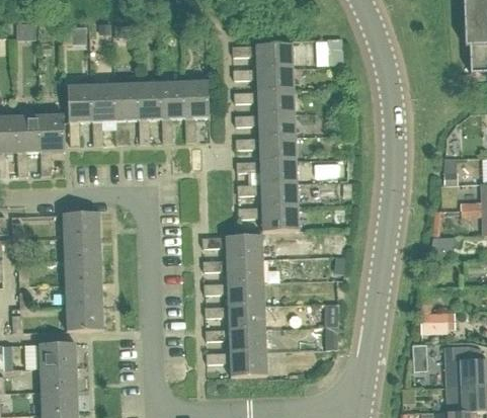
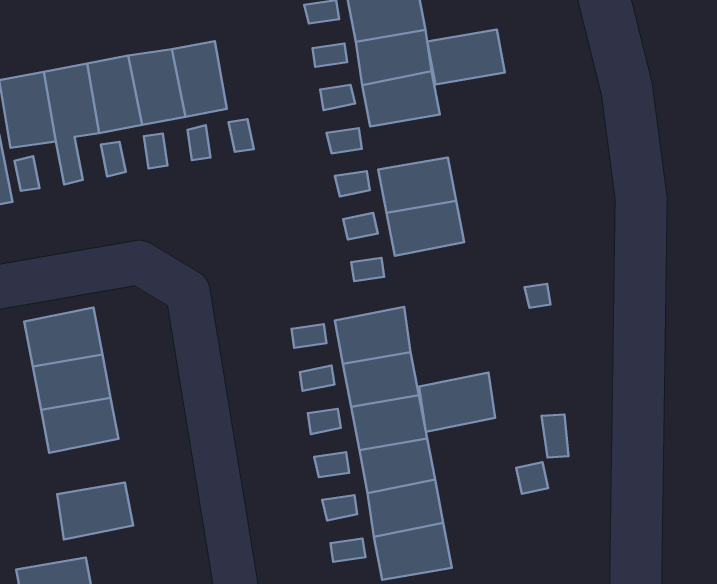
building: [183,79,209,116] -> none
building: [258,136,297,160] -> [427,29,505,85]
building: [261,204,299,231] -> [419,373,495,432]
building: [65,281,102,306] -> none

